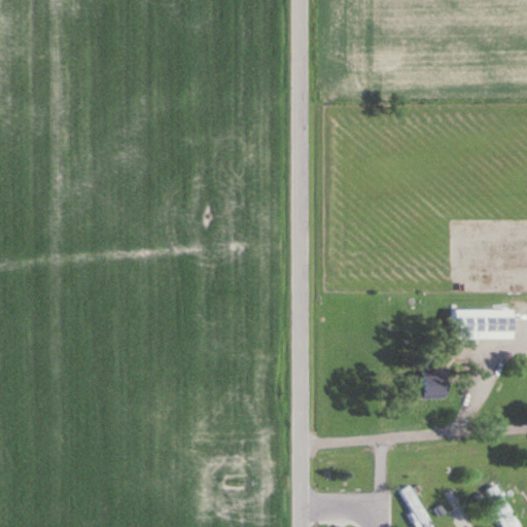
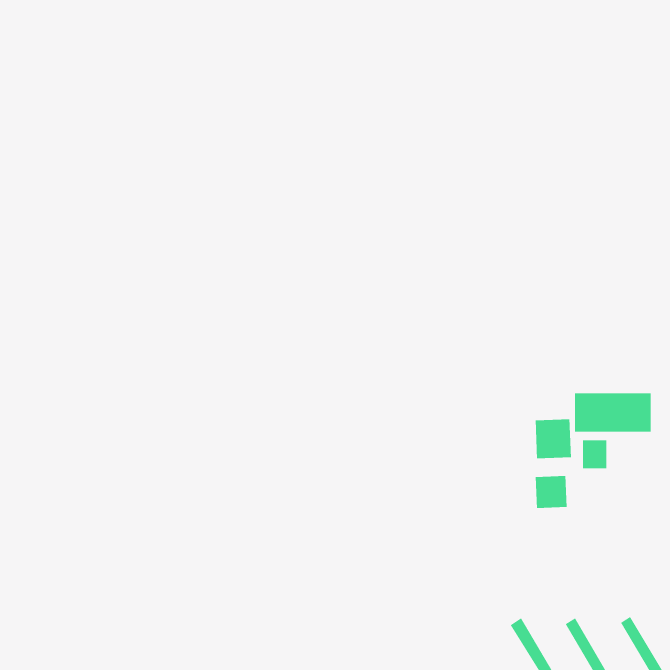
building: none -> [535,419,571,459]
building: none -> [582,440,607,469]

